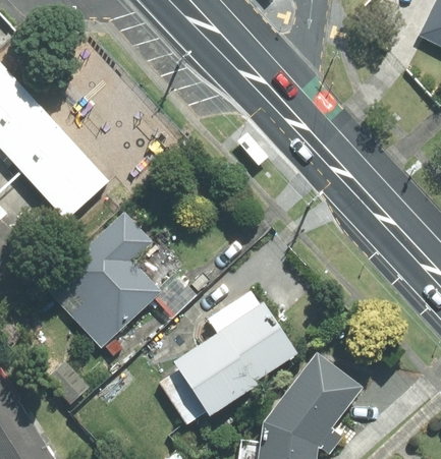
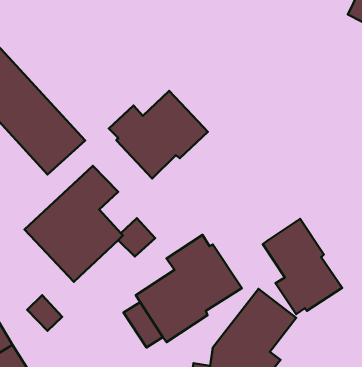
building: none -> [109,91,208,179]
building: none -> [263,219,342,314]

